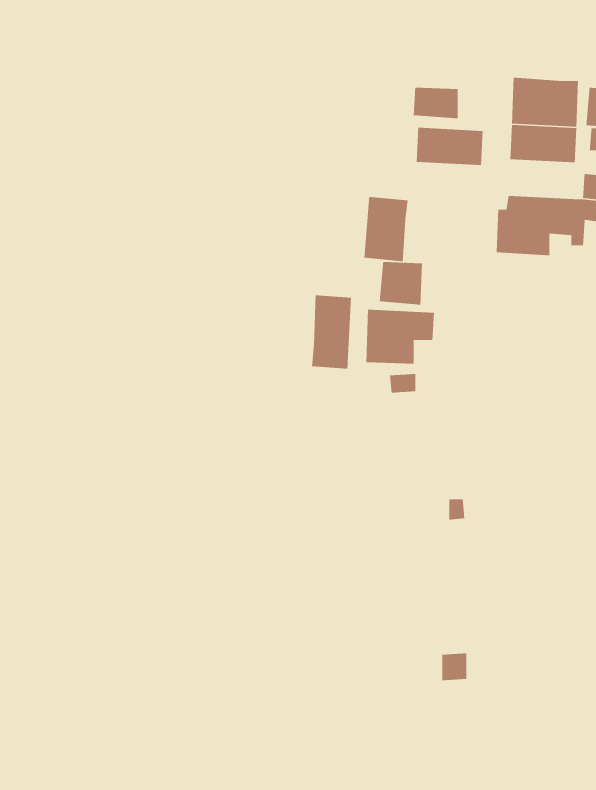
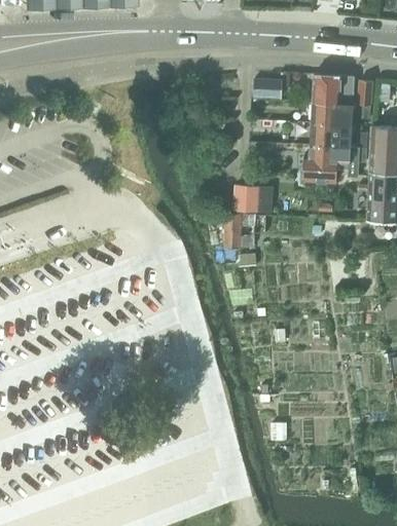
building: [416,127,484,166] -> [311,123,352,147]
building: [363,196,409,262] -> none
building: [311,294,352,369] -> none

